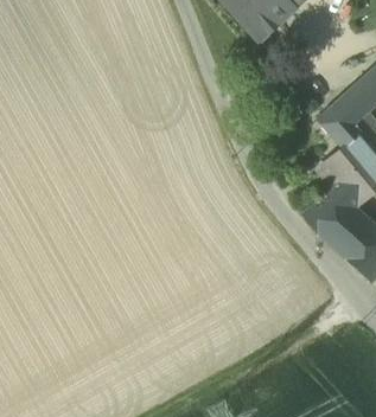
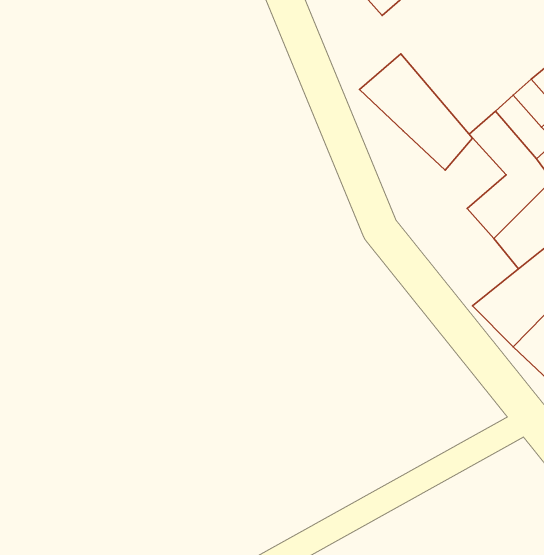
building: none -> [360,54,472,170]
building: [304,188,351,233] -> none

